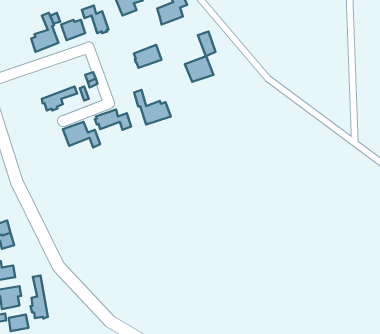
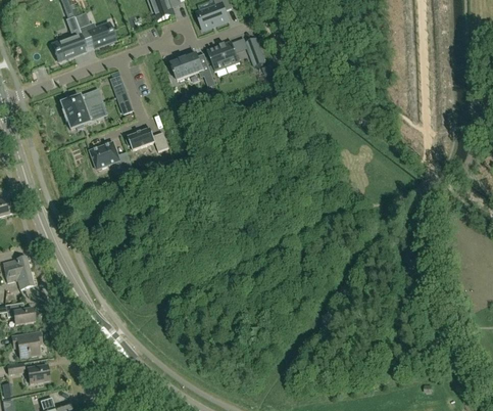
building: [82,6,108,33] -> none
building: [185,56,213,82] -> [207,41,240,71]
building: none -> [61,94,103,116]
building: [134,90,171,124] -> none
building: [31,275,48,319] -> none

